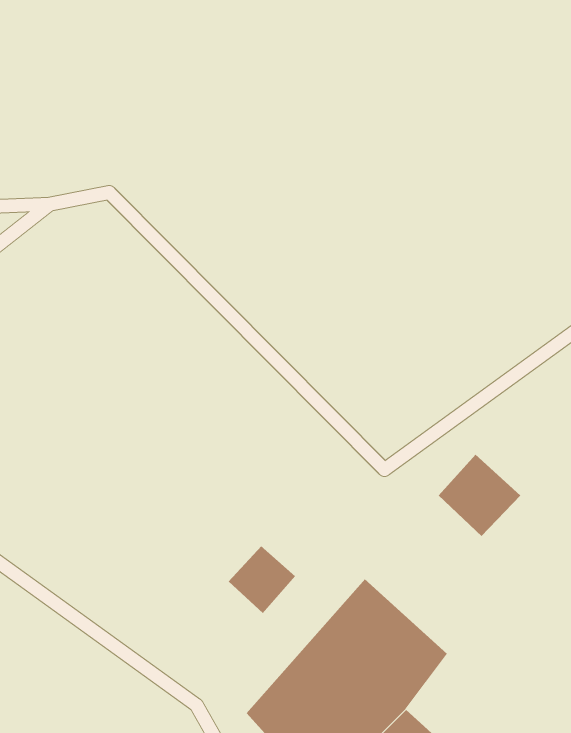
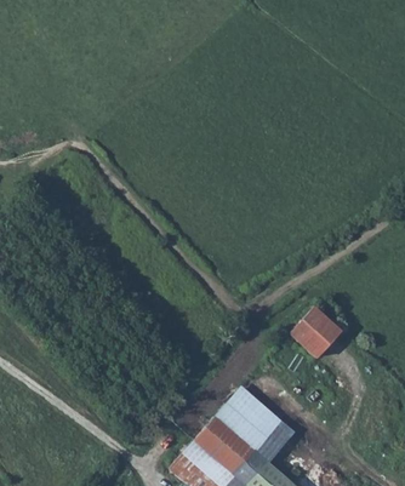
building: [228,545,296,614] -> none

